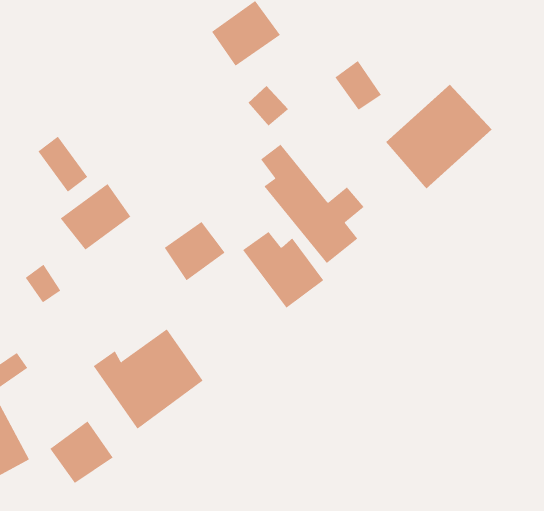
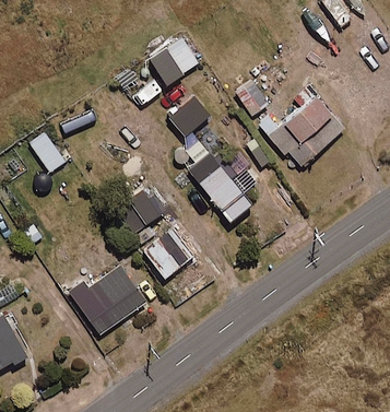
building: [60,183,131,251] -> none
building: [242,231,324,309] -> [134,224,191,278]
building: [50,420,114,484] -> none

